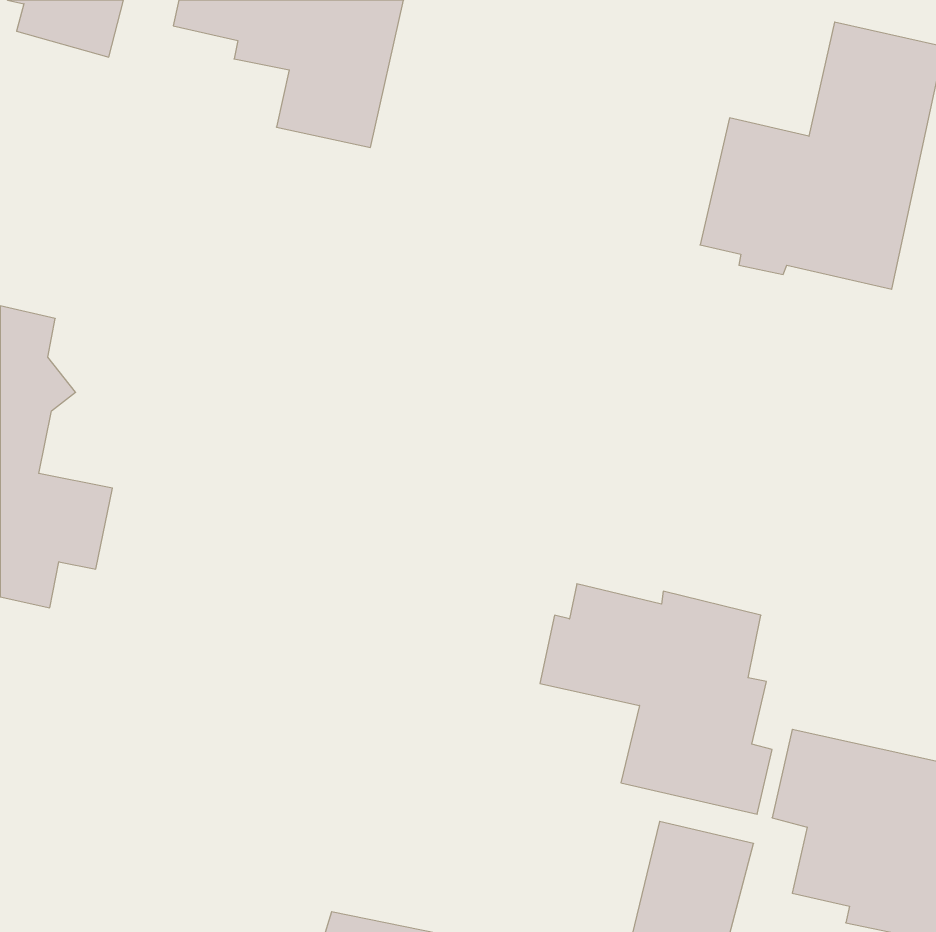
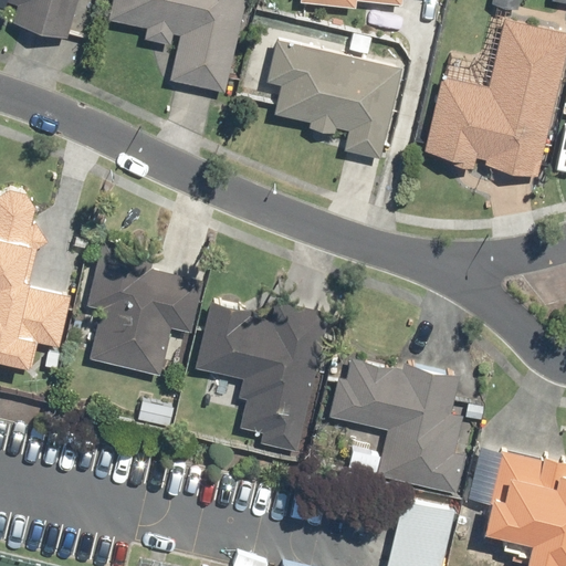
building: none -> [266,40,402,160]
building: none -> [85,242,205,377]
building: none -> [195,300,329,452]

